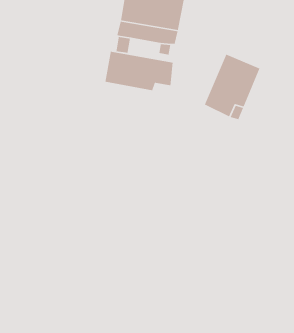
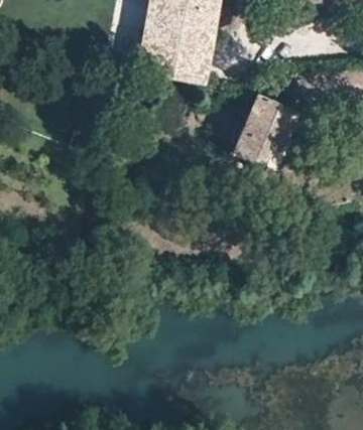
building: [104,51,173,91] -> none

